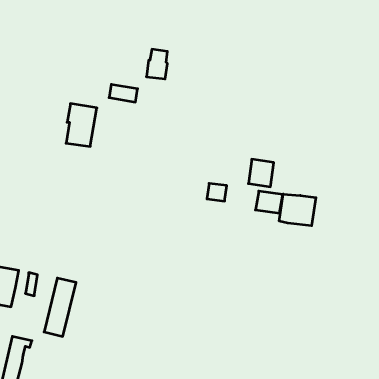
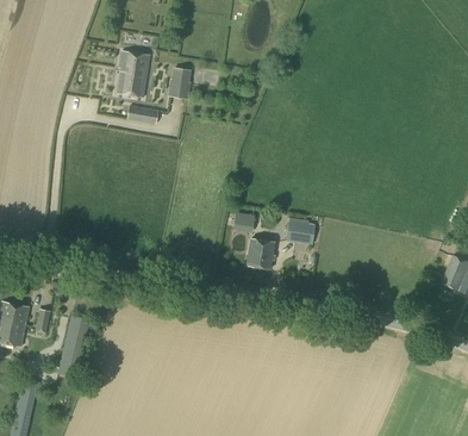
building: [66,104,97,146] -> [117,50,150,96]
building: [248,159,274,187] -> [247,238,274,268]
building: [279,194,316,226] -> none

